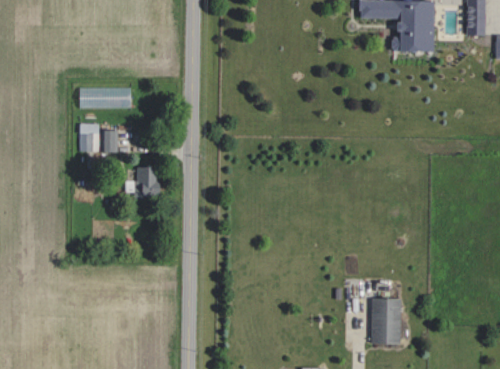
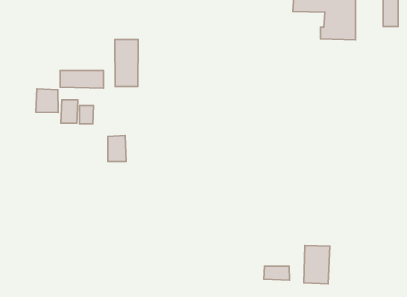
building: none -> [115,40,138,86]
building: none -> [36,89,58,113]
building: none -> [264,266,289,280]

